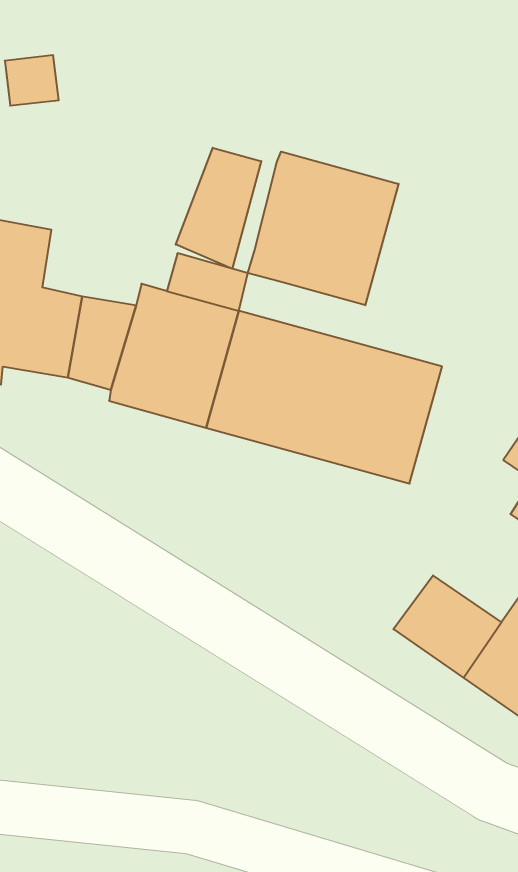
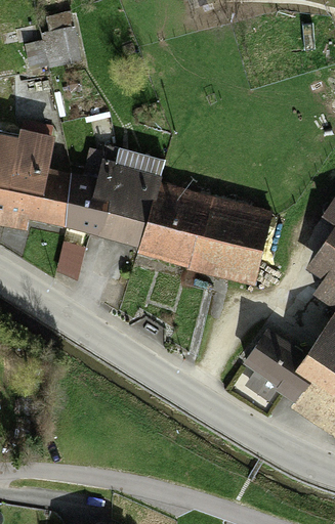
building: none -> [49,12,80,61]
building: [176,148,261,269] -> none
building: [248,152,399,305] -> none

